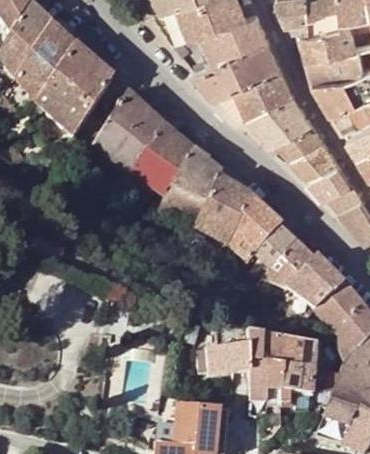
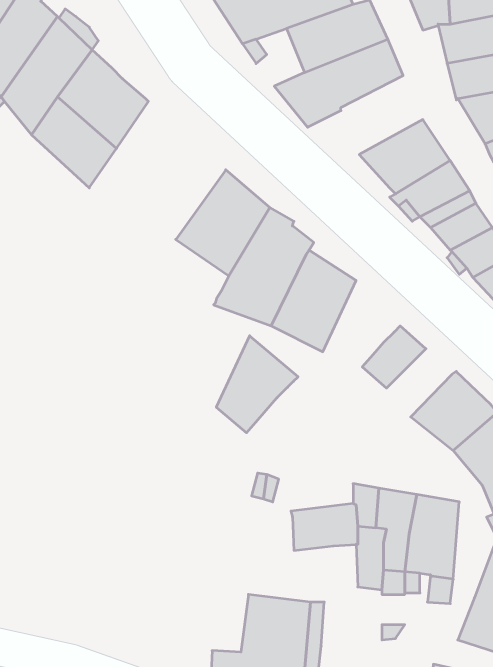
building: [238,61,292,113] -> none
building: [91,90,162,169] -> none
building: [226,196,280,260] -> [216,336,298,433]
building: [261,241,311,286] -> none

